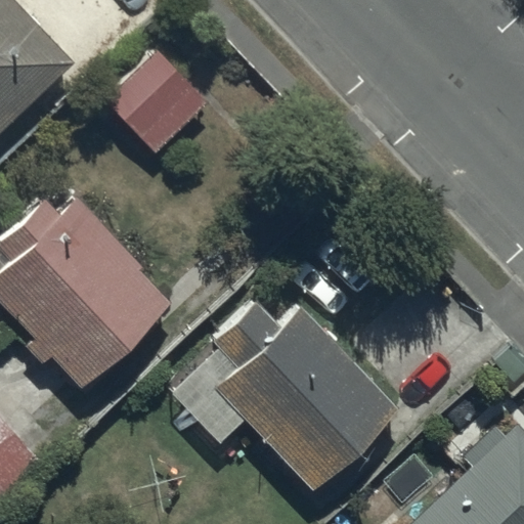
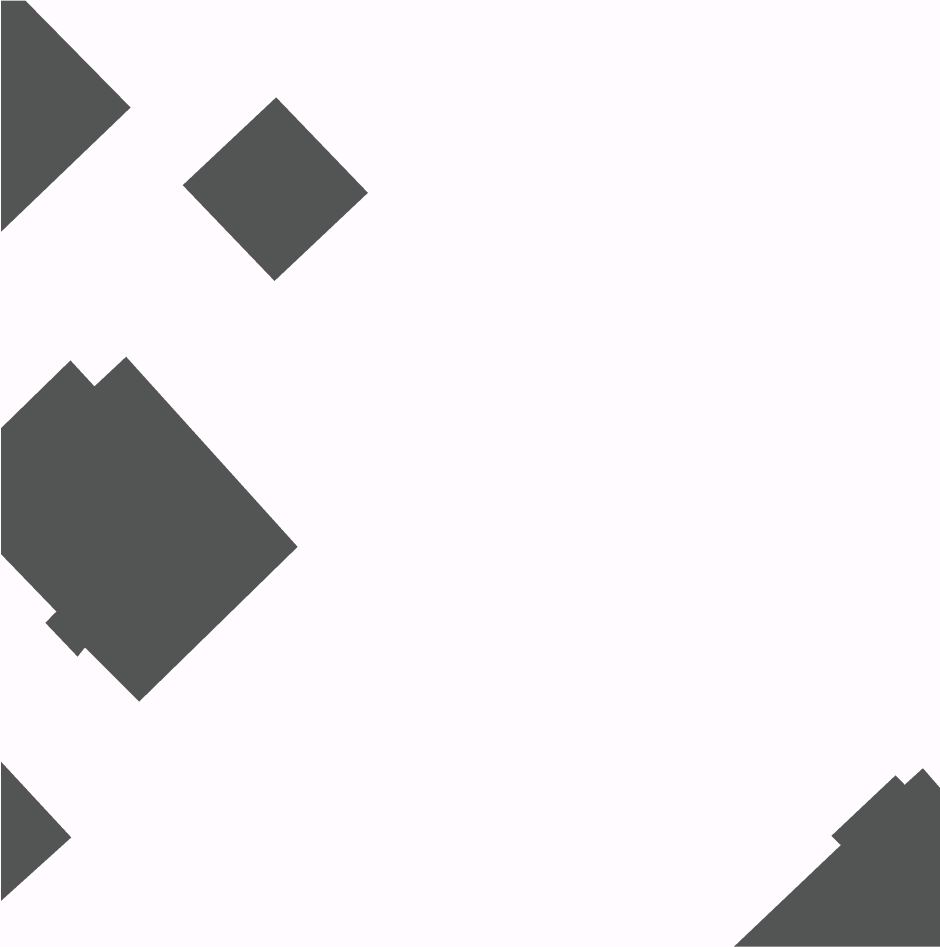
building: [172,300,396,488] -> none

